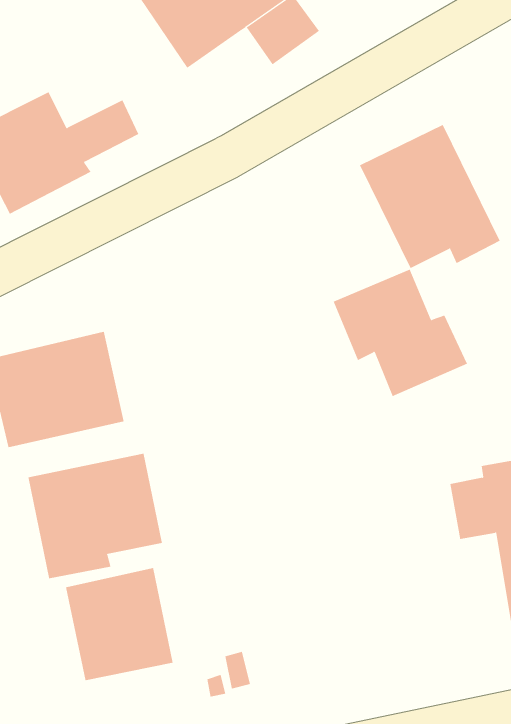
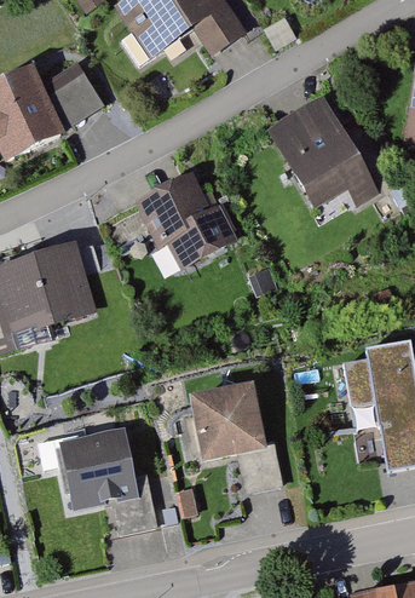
building: [333,269,468,397] -> [142,173,241,268]
building: [28,453,162,579] -> none
building: none -> [186,383,276,490]

